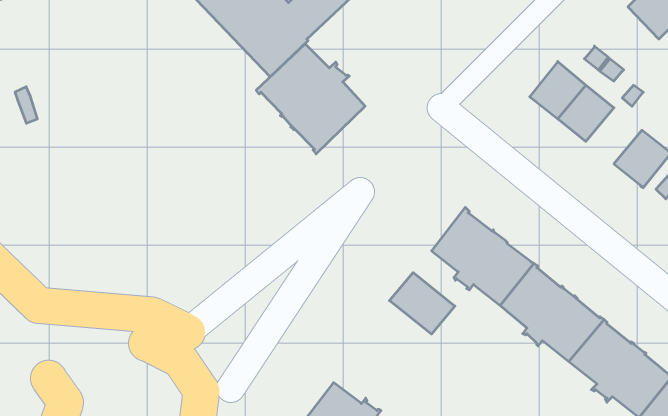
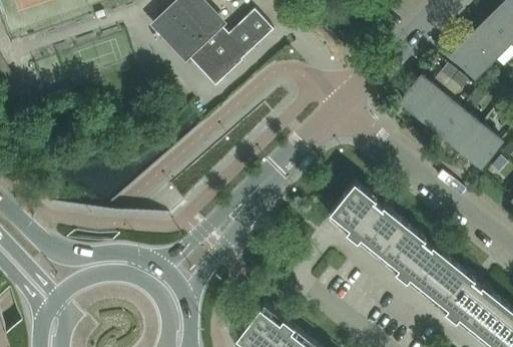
building: none -> [449,38,490,79]
building: [256,44,365,154] -> none
building: none -> [438,110,478,150]
building: [389,273,455,334] -> none

